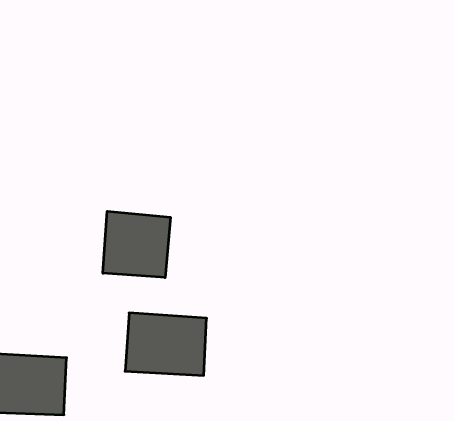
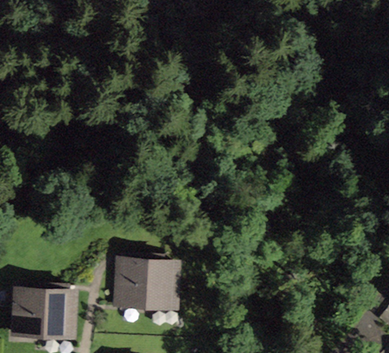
building: [103,211,170,278] -> none

